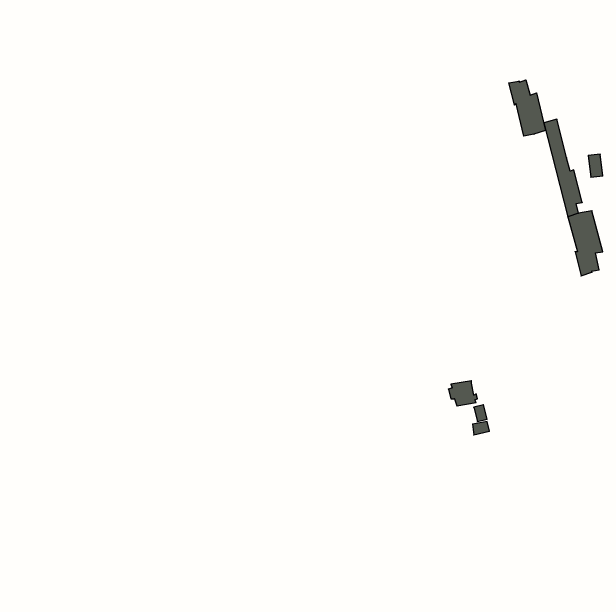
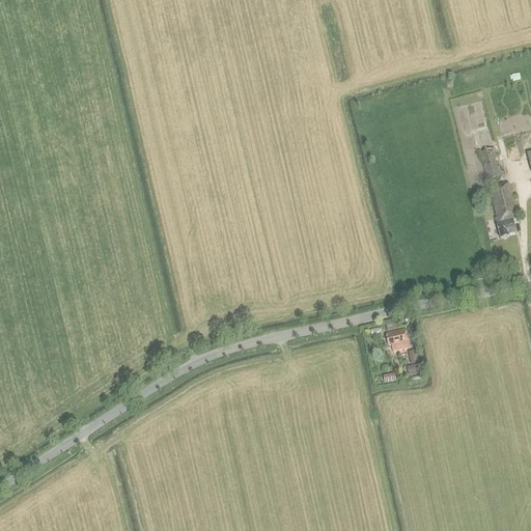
building: [509,80,546,136] -> none

